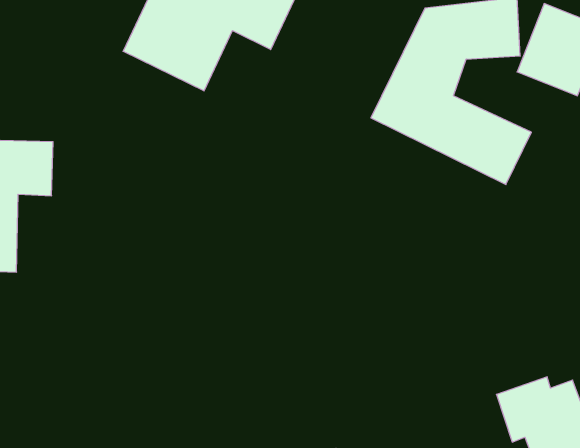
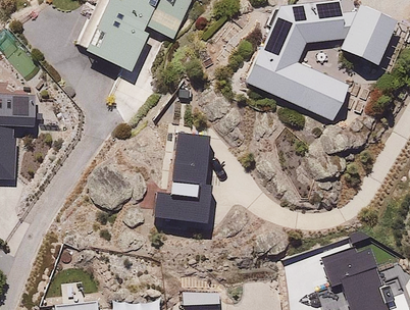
building: none -> [153,133,212,223]

